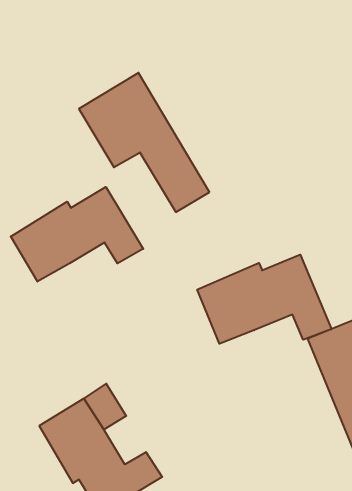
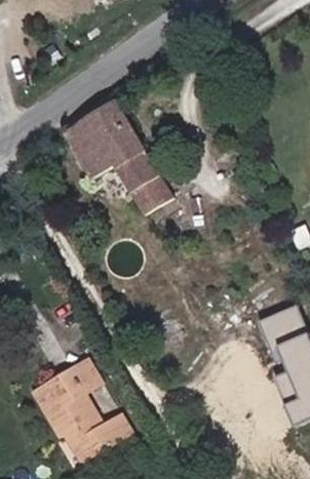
building: [11,187,143,282] -> none
building: [197,255,331,344] -> none

